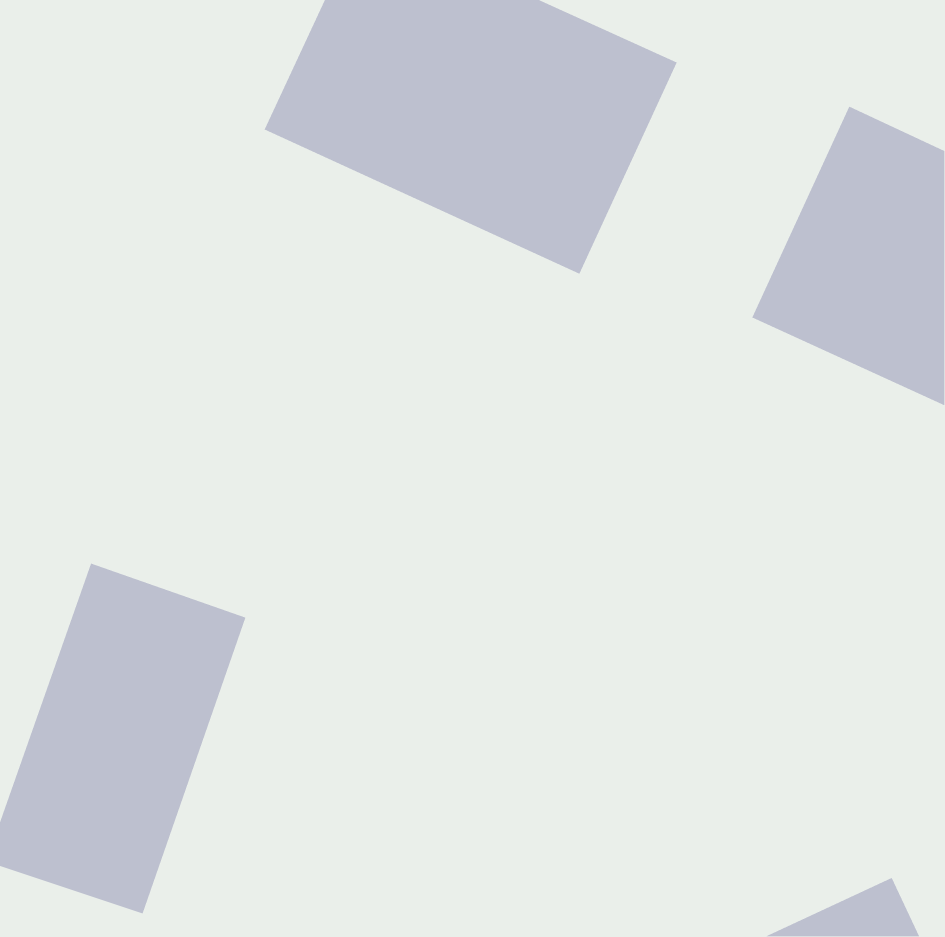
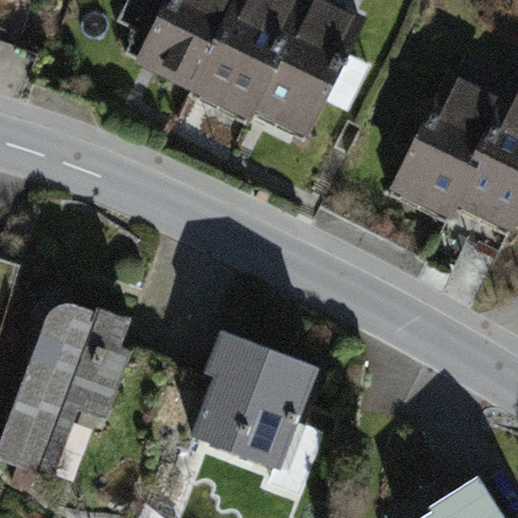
building: none -> [168,320,332,493]

